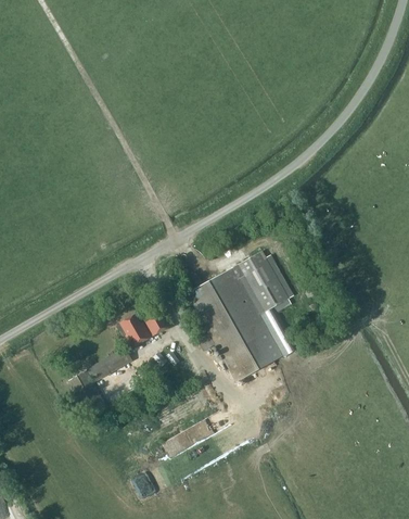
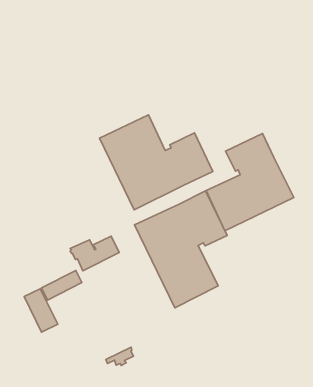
building: none -> [99,115,213,210]
building: none -> [206,133,294,231]

